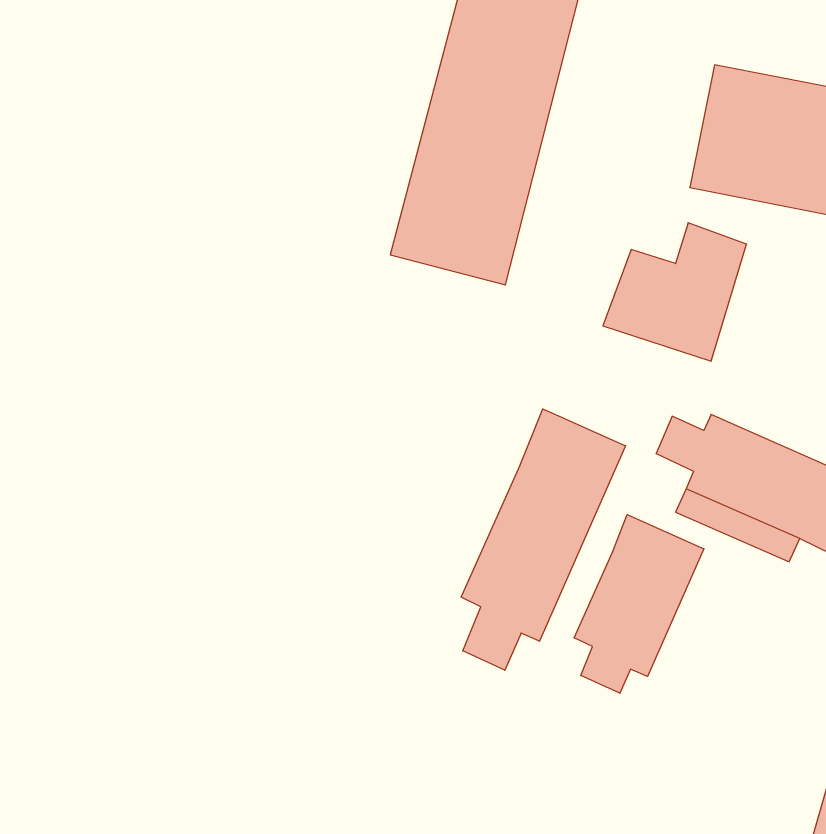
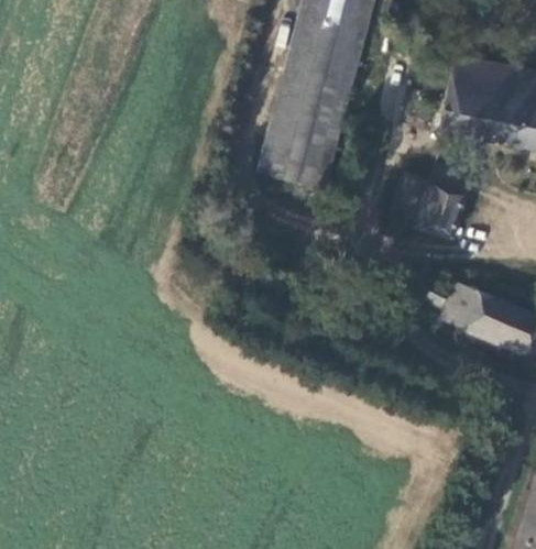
building: [461,409,626,670] -> none
building: [574,515,704,693] -> none

